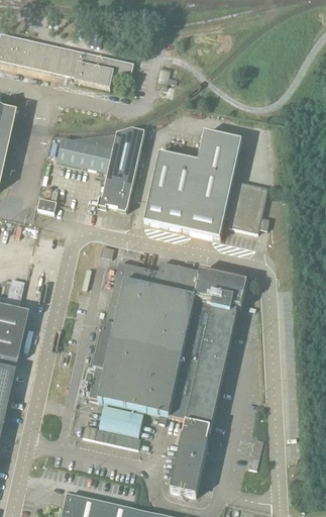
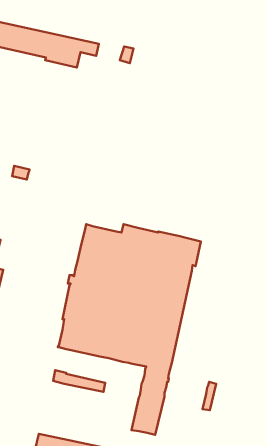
building: [57,127,144,209] -> none
building: [143,130,268,237] -> none
building: [99,404,144,434] -> none

